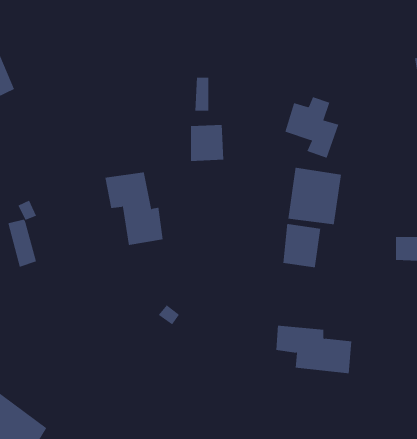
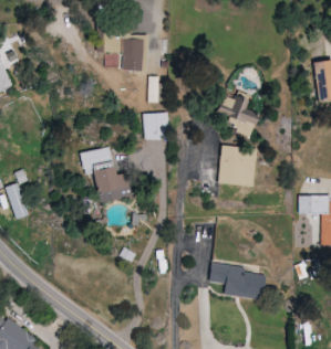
building: none -> [121,39,142,70]
building: [283,223,321,268] -> none

